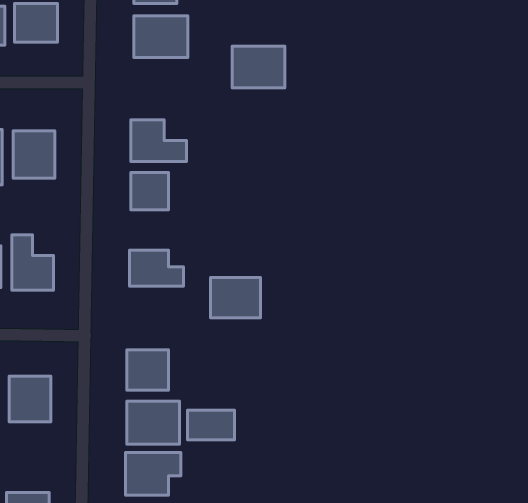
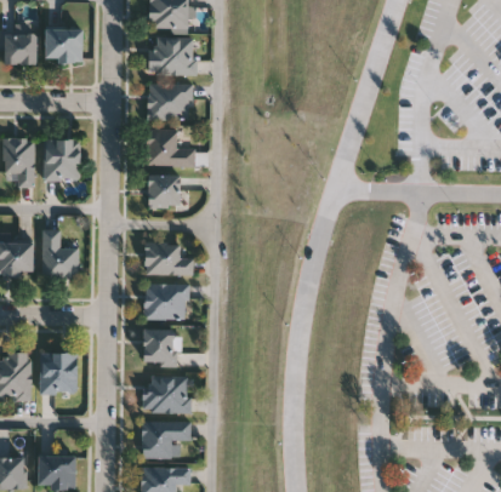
building: [232,46,285,88] -> [147,84,193,120]
building: [211,278,260,318] -> [143,285,187,320]
building: [187,410,235,440] -> none

